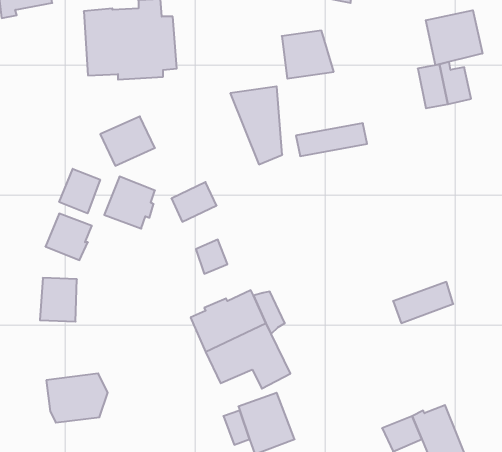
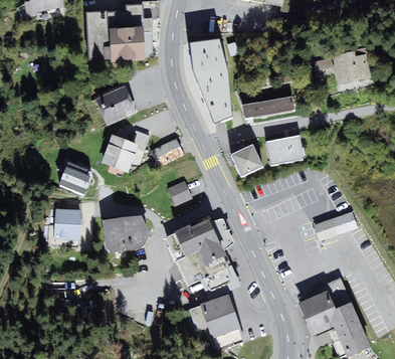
building: [426,10,482,65] -> none
building: [282,31,334,79] -> [189,37,227,72]
building: [59,169,100,213] -> none
building: none -> [265,134,304,165]
building: none -> [229,143,262,178]
building: [46,373,108,423] -> [103,215,148,251]
building: none -> [298,289,335,319]

